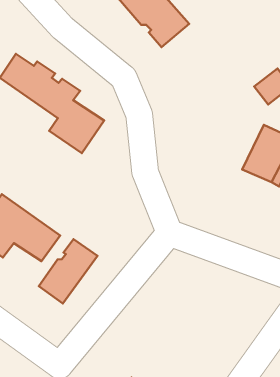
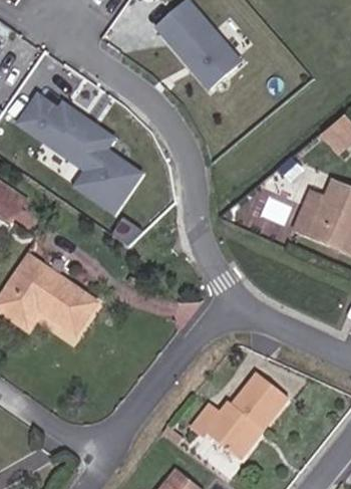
building: [39,239,97,304] -> none
building: none -> [192,378,291,459]

